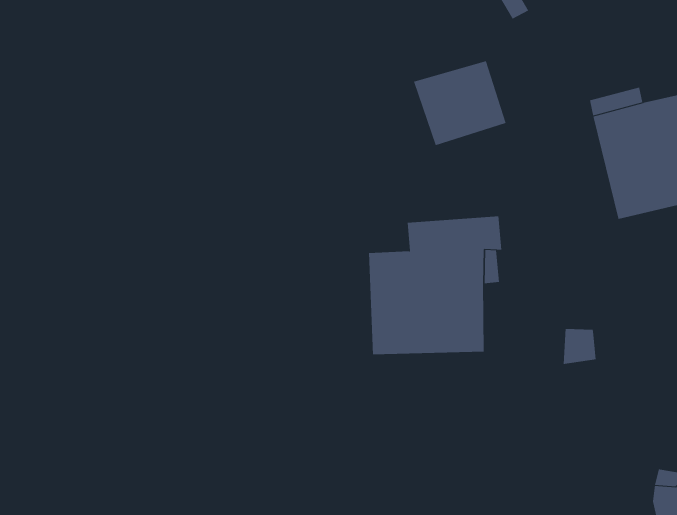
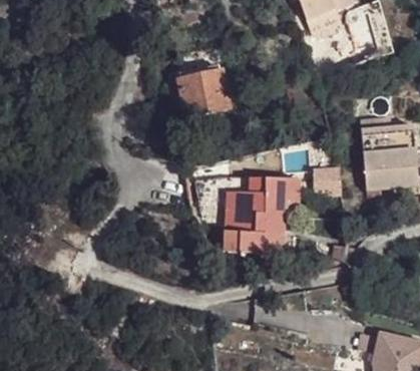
building: [413,60,507,146] -> [180,72,231,117]
building: none -> [312,165,342,196]

